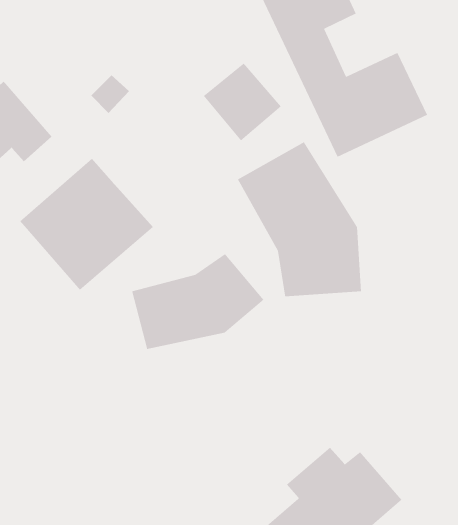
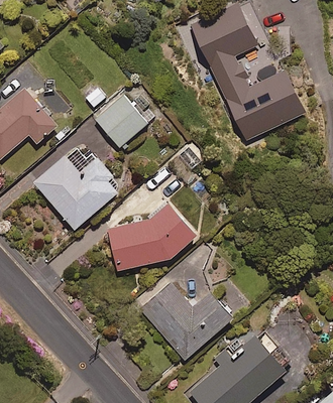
building: [203,63,282,141] -> [94,95,146,147]
building: [237,141,362,297] -> none
building: none -> [140,282,233,361]

